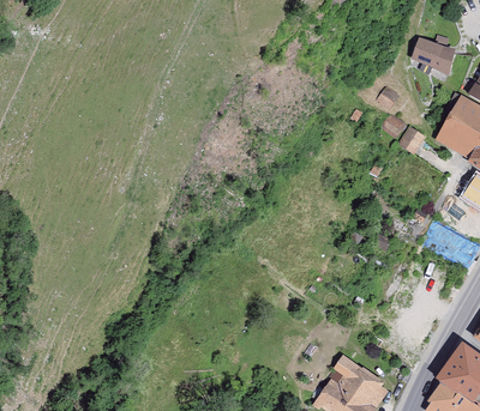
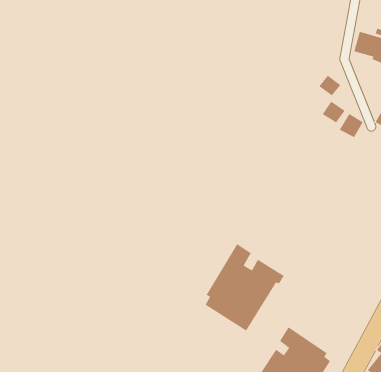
building: none -> [205,243,285,332]

